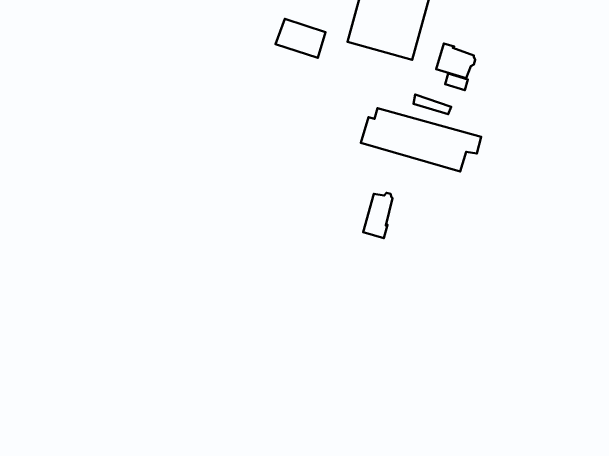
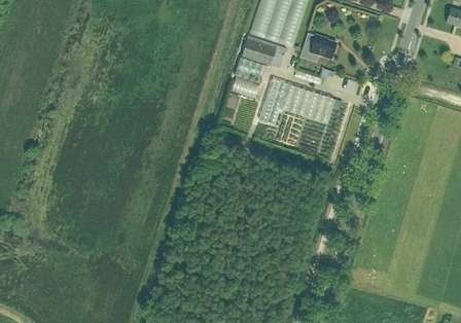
building: [276,19,325,58] -> [241,38,275,65]
building: [363,193,392,238] -> none

